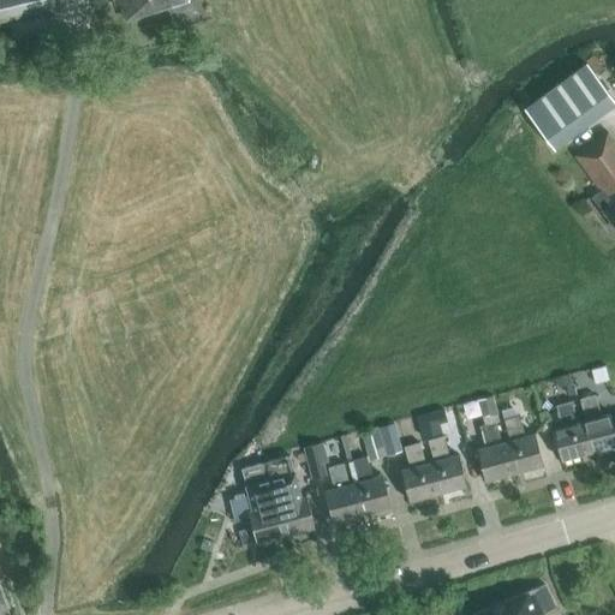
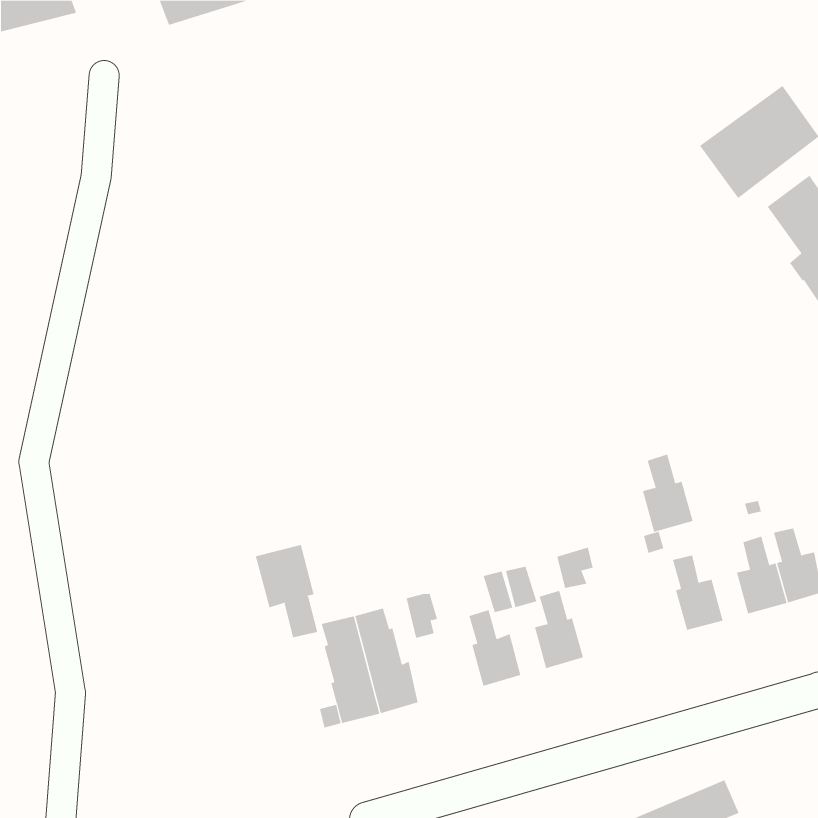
building: none -> [255,544,318,638]
building: [477,423,515,482] -> [642,454,693,533]
building: [429,437,467,494] -> none
building: [326,464,363,523] -> none

